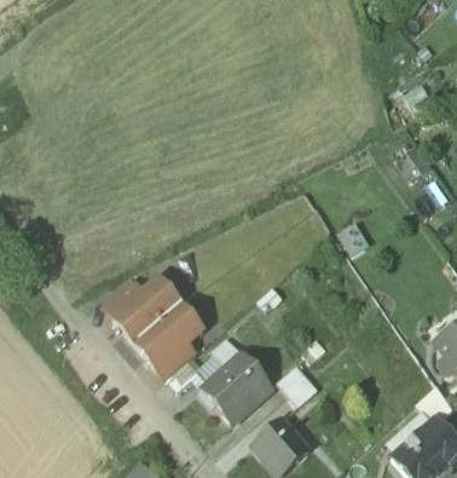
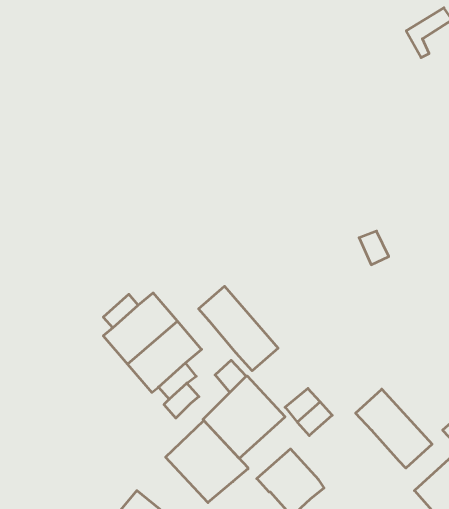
building: none -> [199,286,278,371]
building: none -> [356,389,432,468]
building: none -> [166,420,248,503]

